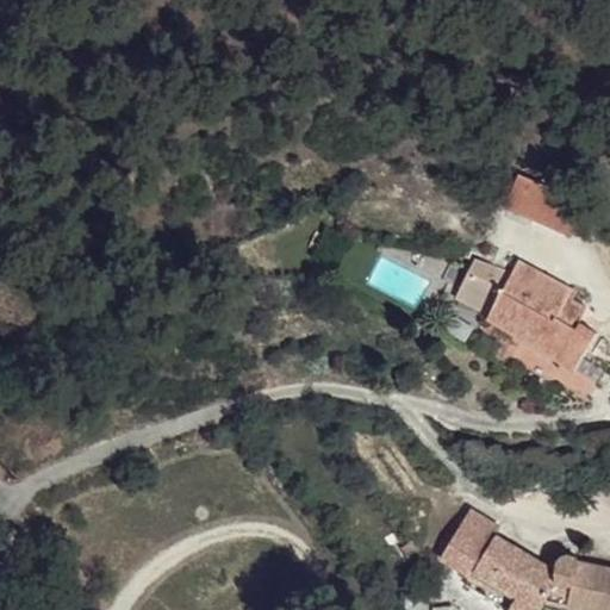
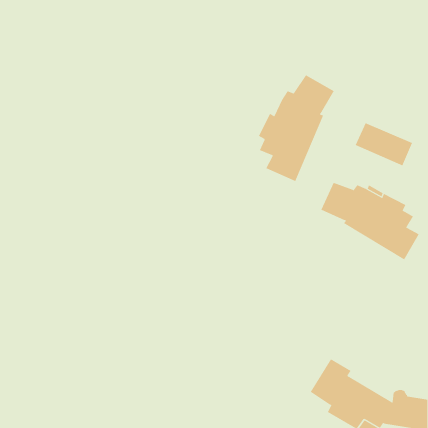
building: none -> [258,75,334,182]

